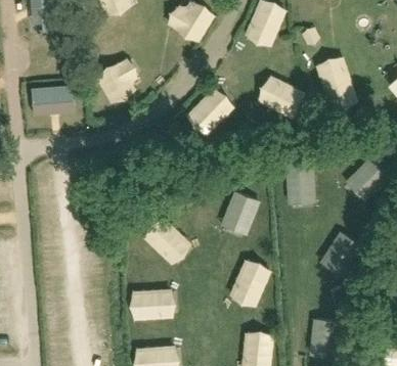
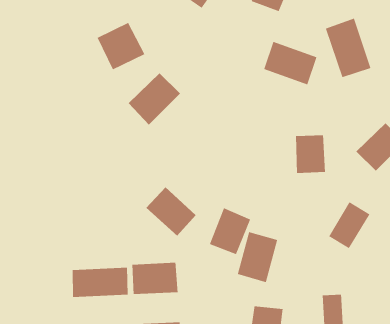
building: [29,84,73,116] -> none
building: [184,87,235,138] -> [128,72,181,126]
building: [220,190,261,236] -> [209,207,251,255]
building: none -> [72,267,129,298]

